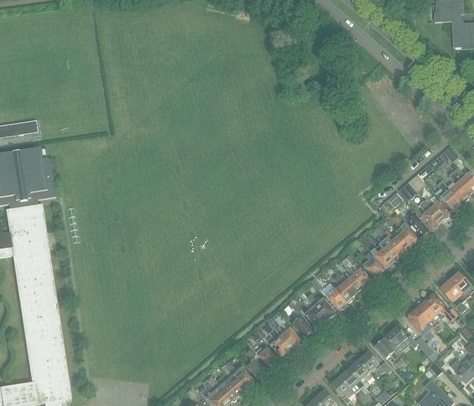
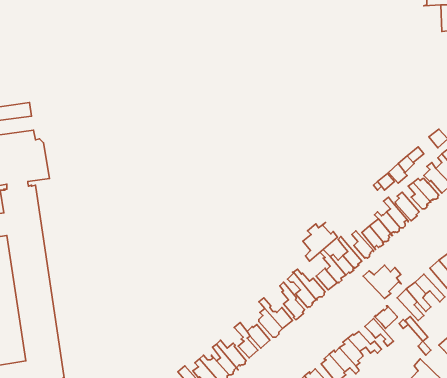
building: none -> [303,222,337,261]
building: none -> [363,265,401,299]

